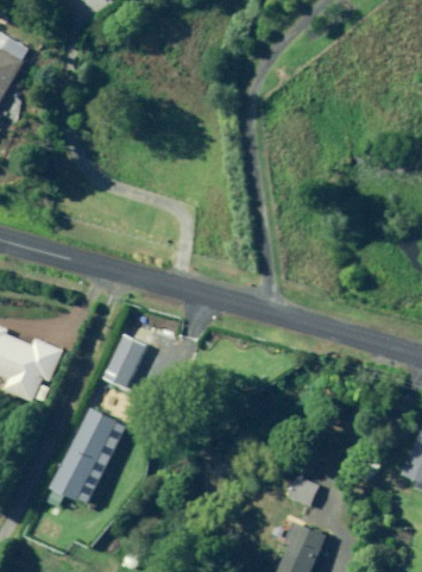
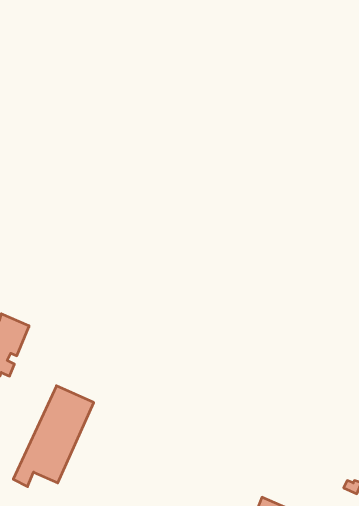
building: [93,338,140,403] -> none
building: [284,476,316,505] -> none

